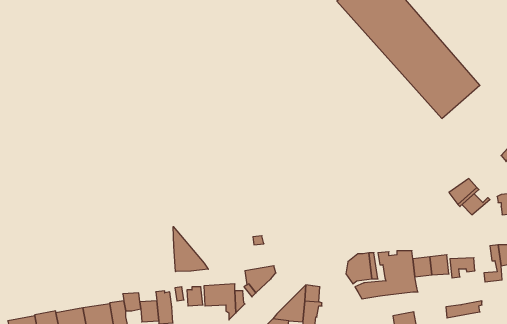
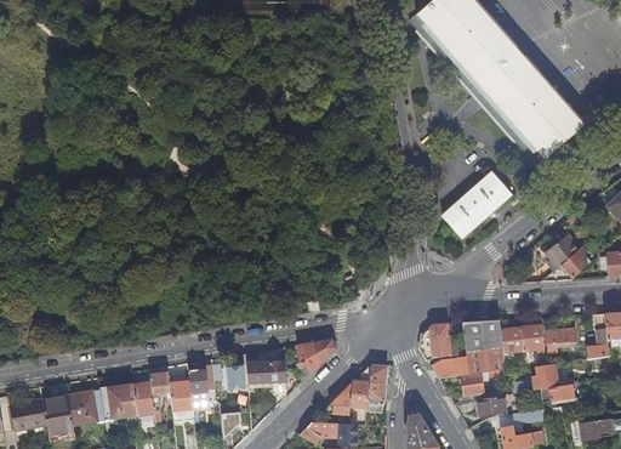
building: none -> [443,167,512,232]
building: [173,227,208,272] -> none
building: none -> [512,364,559,393]
building: none -> [461,370,501,396]

